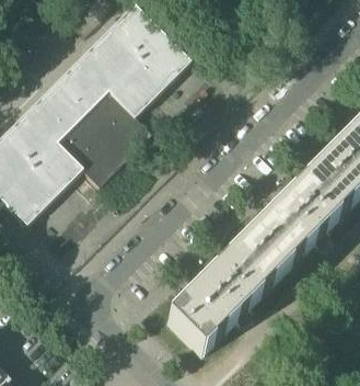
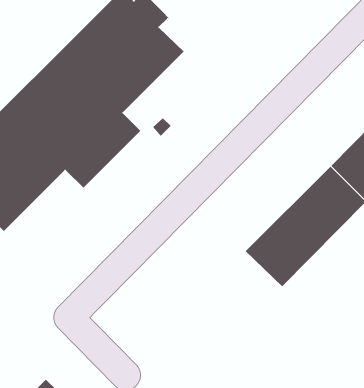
building: [167,240,278,351] -> none

